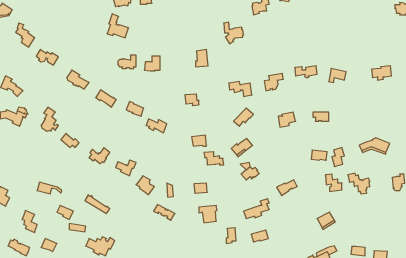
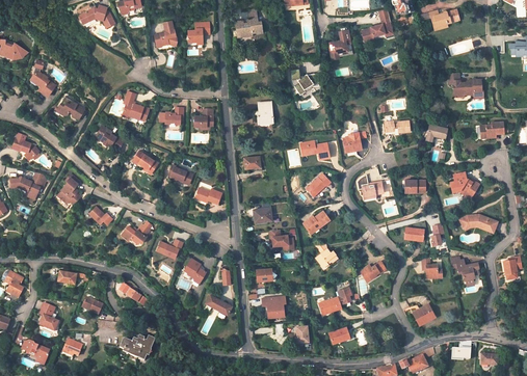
building: [107,14,129,38] -> [122,90,149,120]
building: none -> [448,71,482,97]
building: none -> [452,171,480,198]

